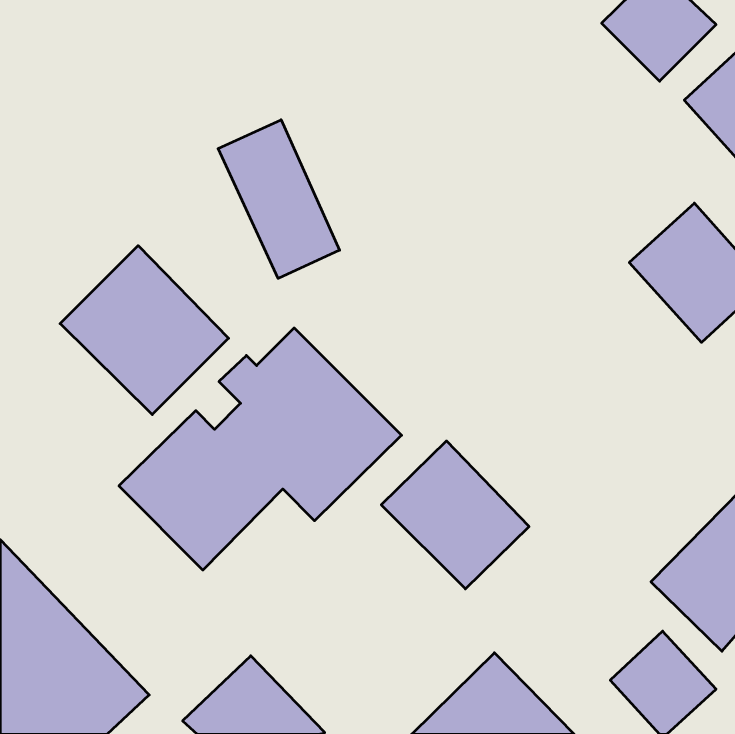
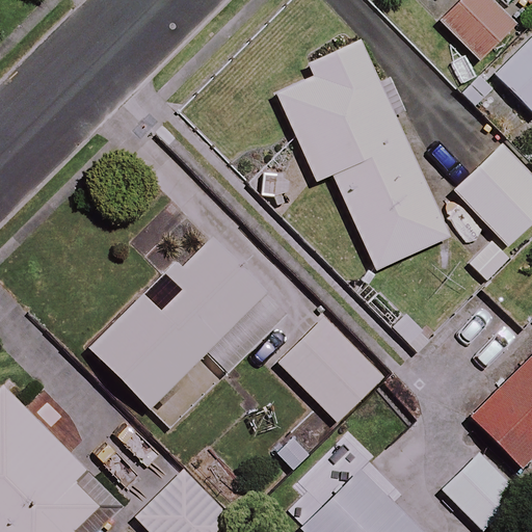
building: none -> [275,42,448,270]
building: [218,120,340,278] -> none
building: [60,246,229,415] -> none

